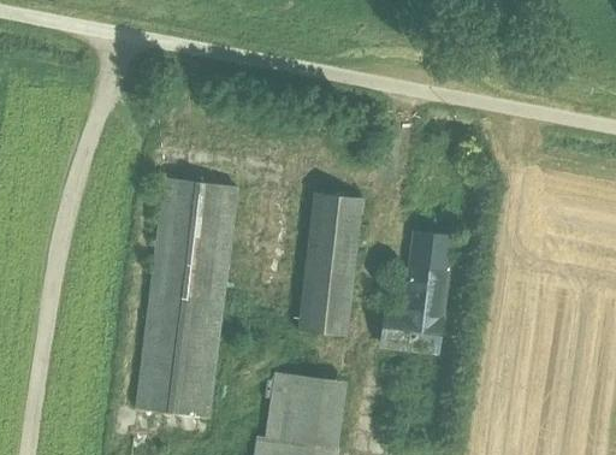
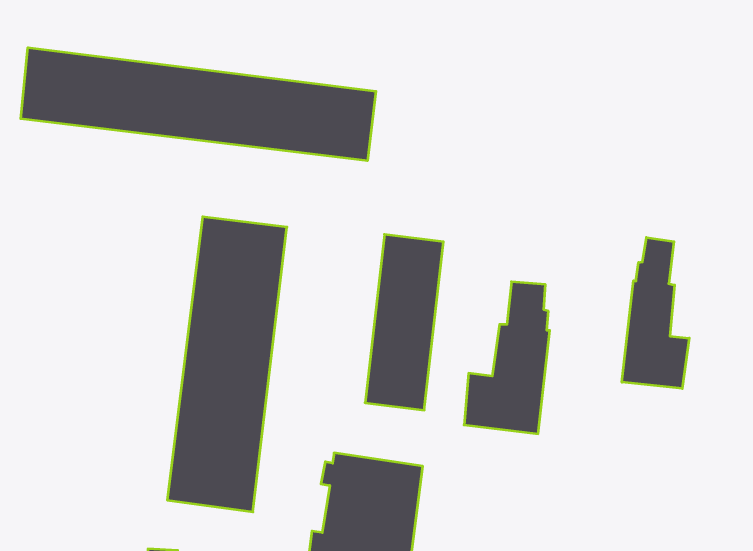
building: none -> [21,48,376,161]
building: none -> [622,237,689,389]

